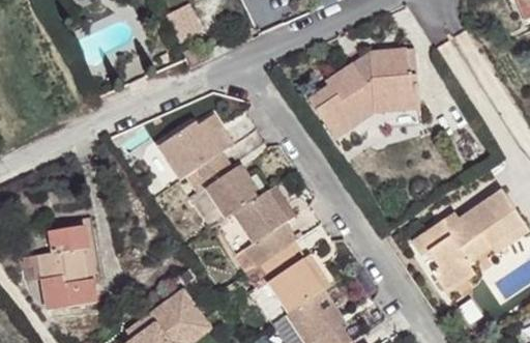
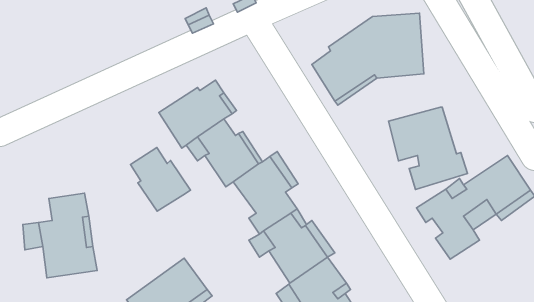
building: none -> [389,107,467,189]
building: none -> [130,147,190,211]

